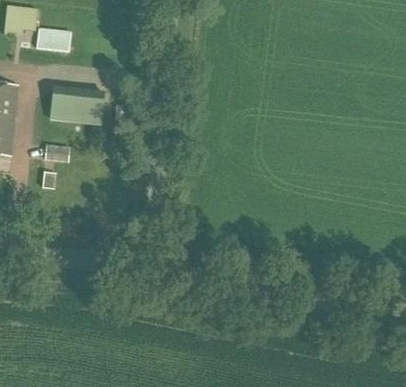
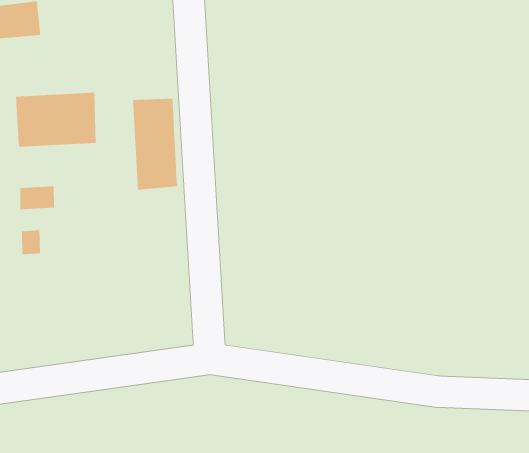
building: none -> [132,98,178,191]

